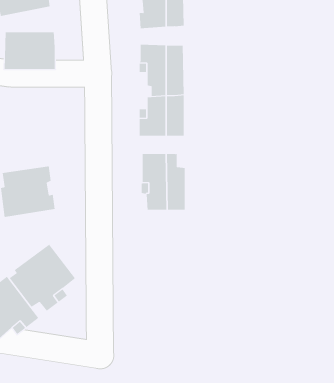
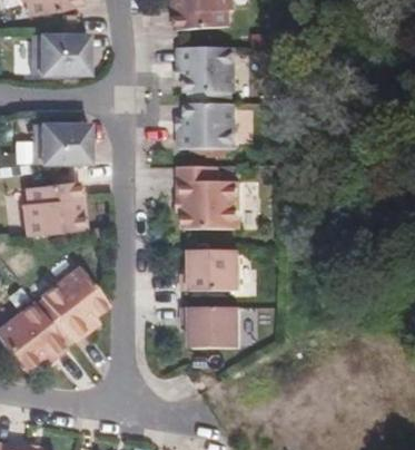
building: none -> [33,129,89,170]
building: none -> [186,256,229,297]
building: none -> [185,314,229,355]

